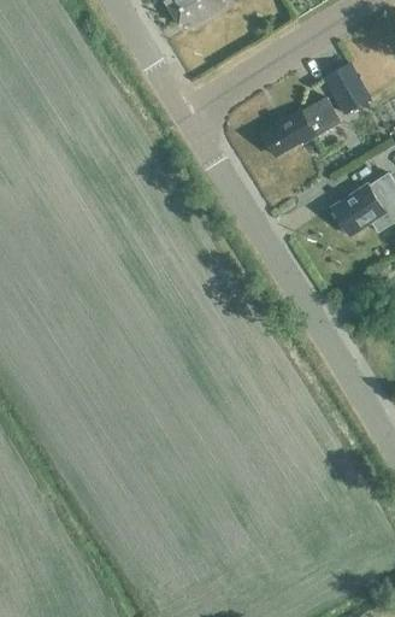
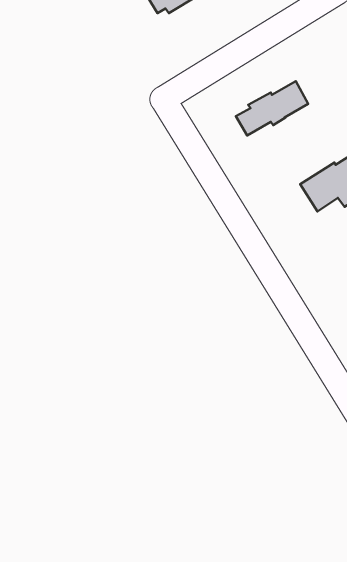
building: [323,63,370,113] -> none

